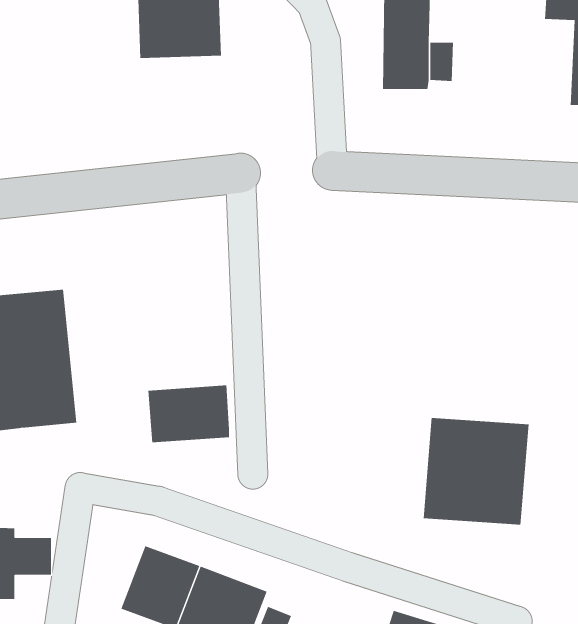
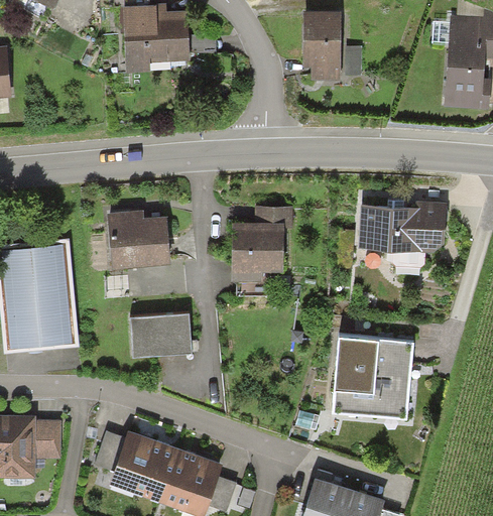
building: none -> [109,212,166,263]
building: none -> [235,213,292,289]
building: none -> [366,213,444,261]

